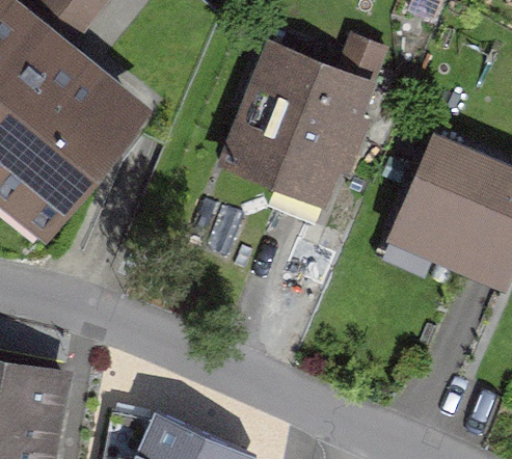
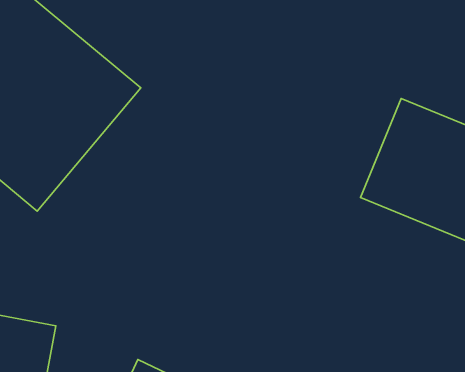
building: [222,42,377,204] -> none

